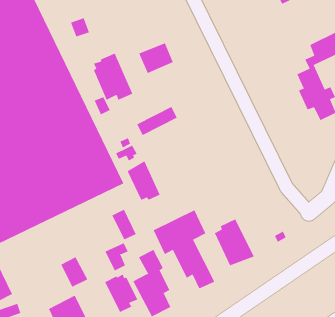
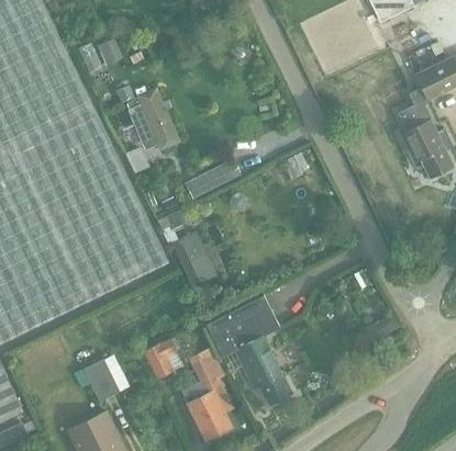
building: [139,43,173,74] -> none
building: [112,209,136,240] -> none
building: [214,219,255,266] -> none
building: [104,273,138,313] -> none

